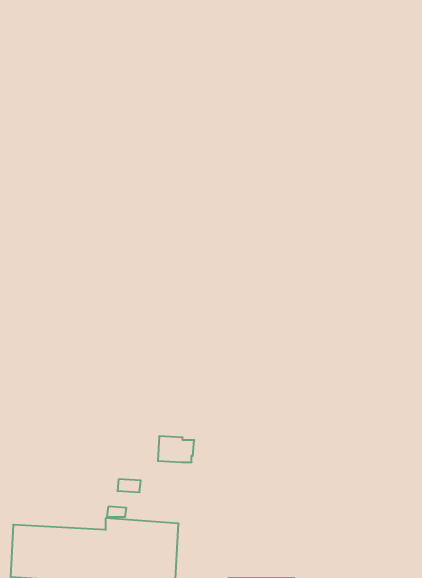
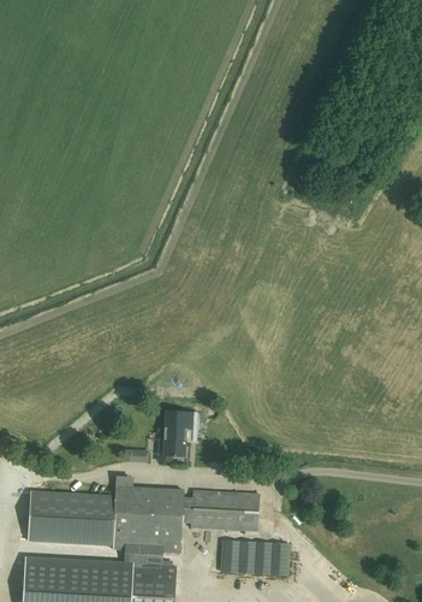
building: none -> [157,433,185,461]
building: none -> [190,491,258,533]

